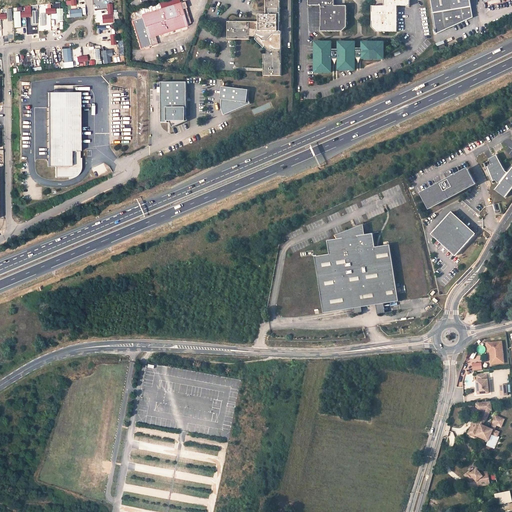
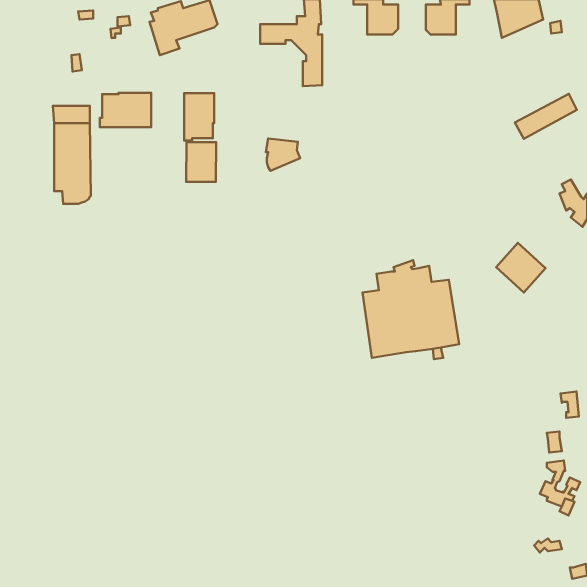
building: [313,40,382,70] -> none
building: none -> [100,93,151,127]
building: [219,86,249,114] -> [266,138,300,171]
building: none -> [186,142,216,182]
building: [421,168,475,207] -> [515,94,577,139]

